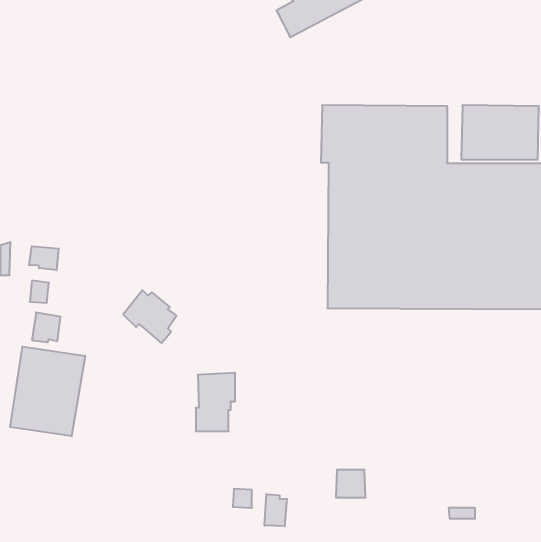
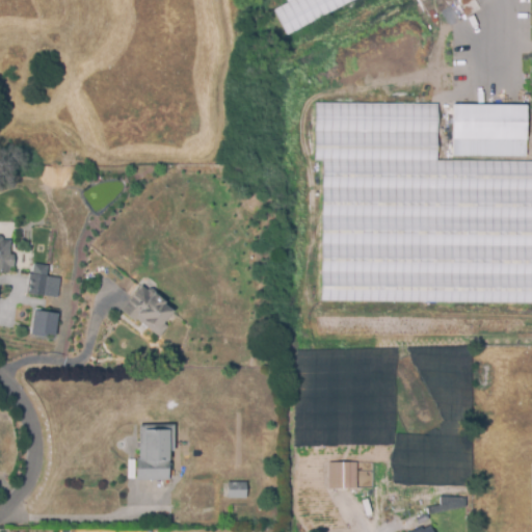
building: [29,246,59,270] -> none
building: [10,346,85,436] -> none
building: [196,373,235,431] -> [138,421,177,478]
building: [265,494,287,526] -> none

